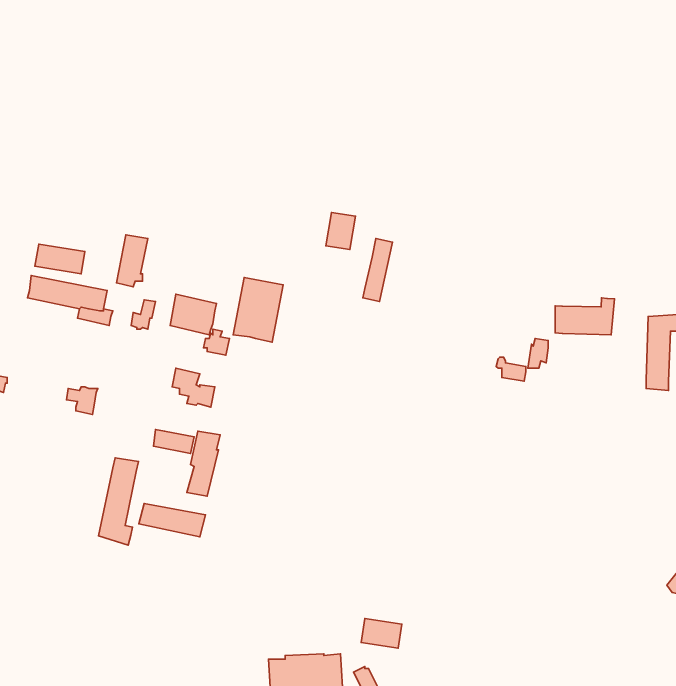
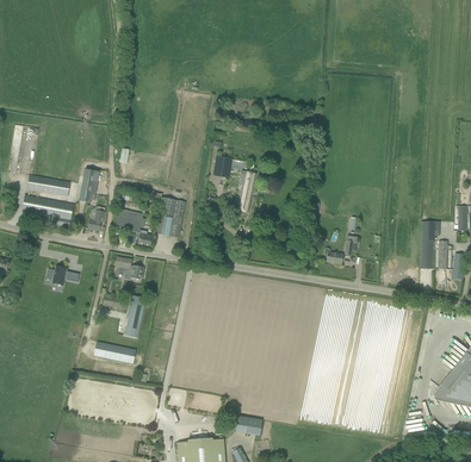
building: [555,298,614,335] -> none
building: [98,458,138,545] -> none

